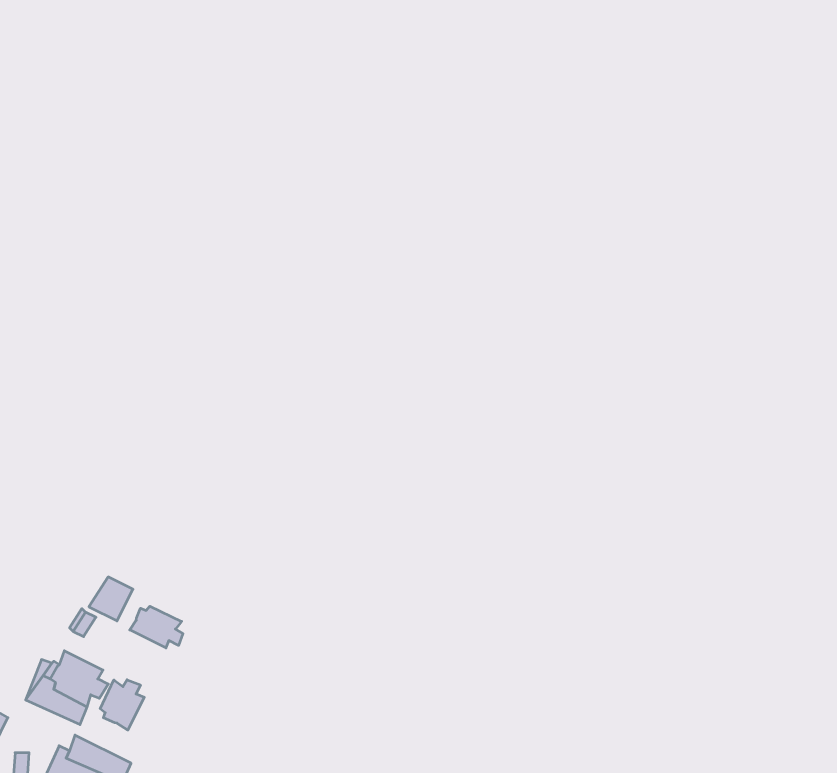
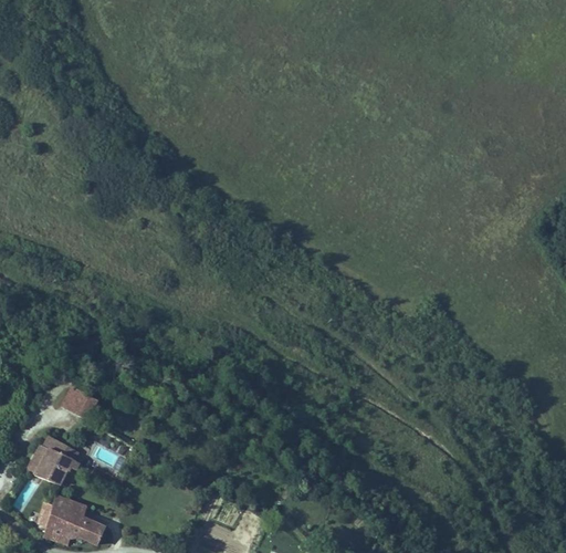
building: [130,606,183,648] -> none
building: [100,680,144,730] -> none

